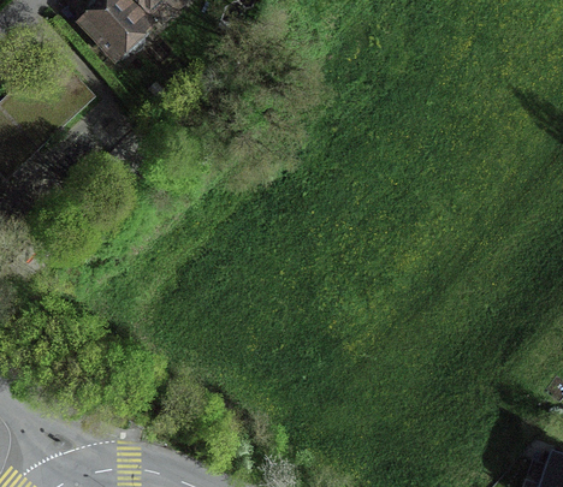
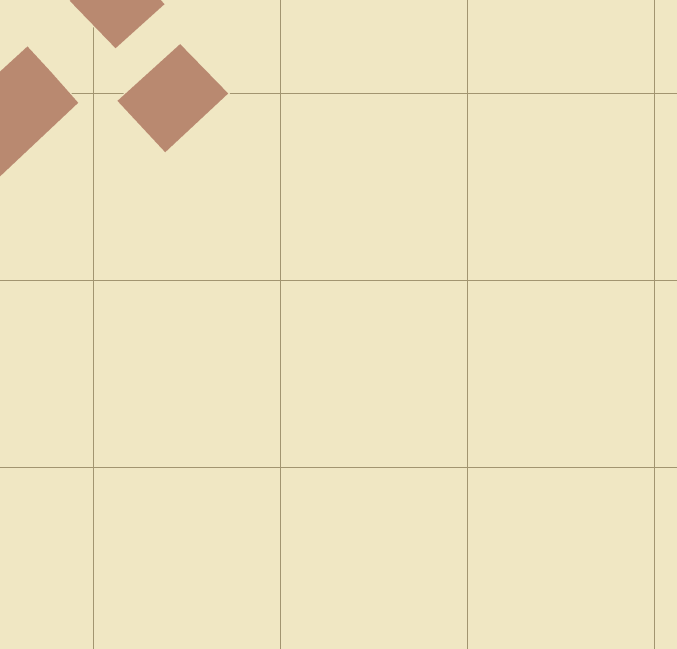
building: none -> [117,43,229,153]

